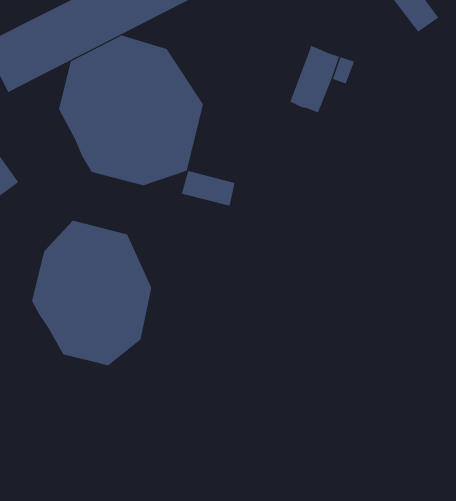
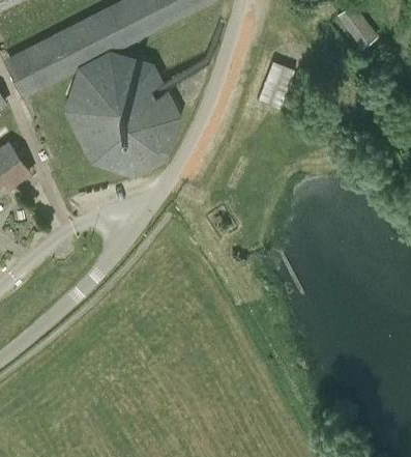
building: [181,170,235,206] -> none
building: [32,220,152,366] -> none

